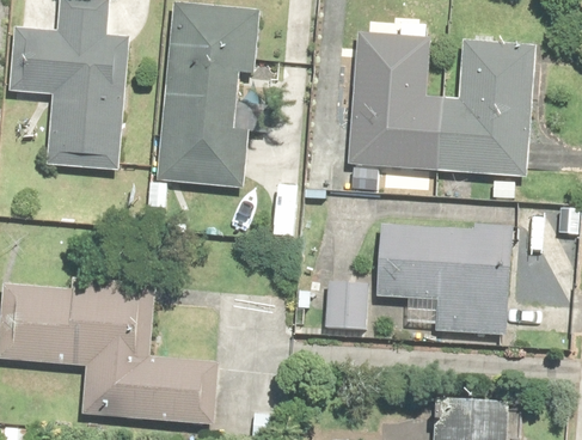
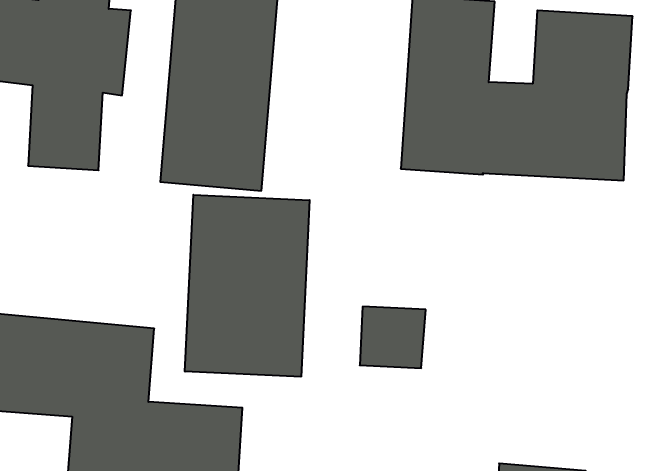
building: none -> [185,195,310,377]
building: [360,234,502,342] -> none

